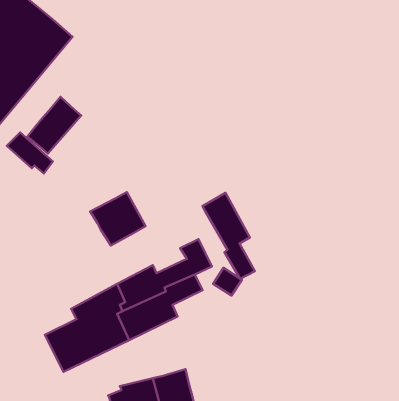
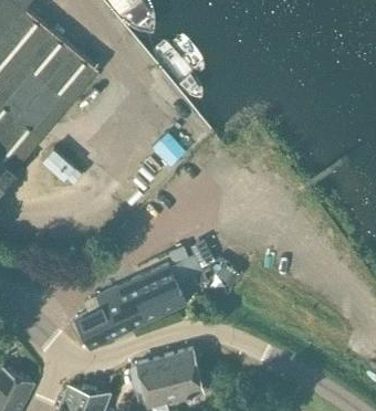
building: [27,97,81,154] -> none
building: [90,192,145,246] -> none
building: [203,193,255,279] -> none

